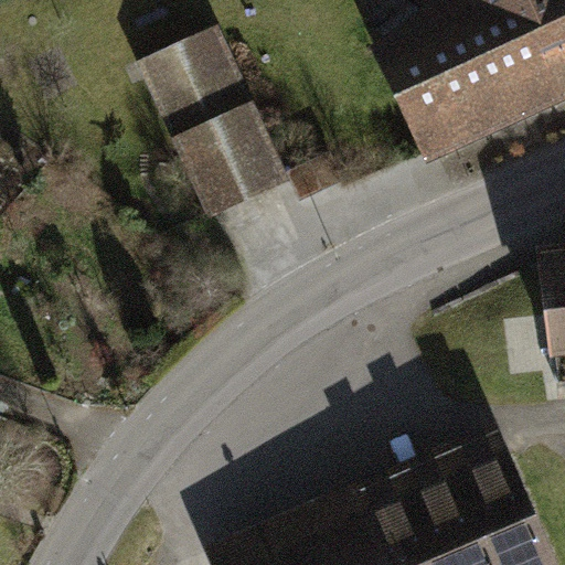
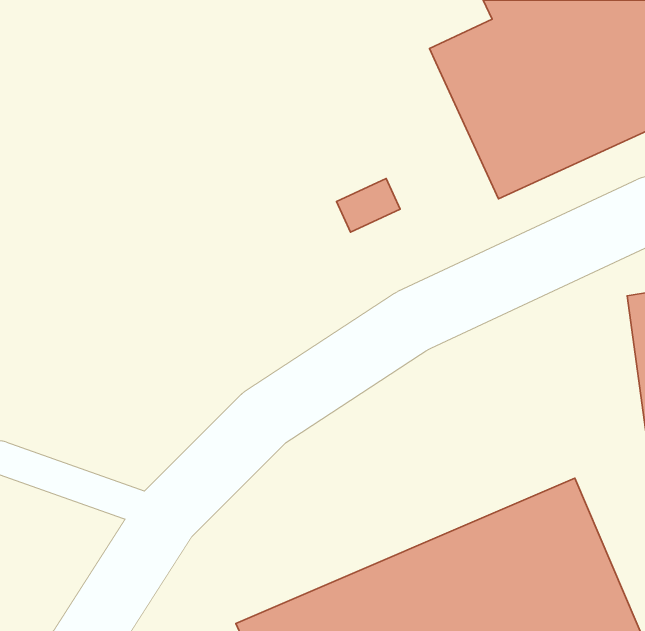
building: [147,46,299,239] -> none

